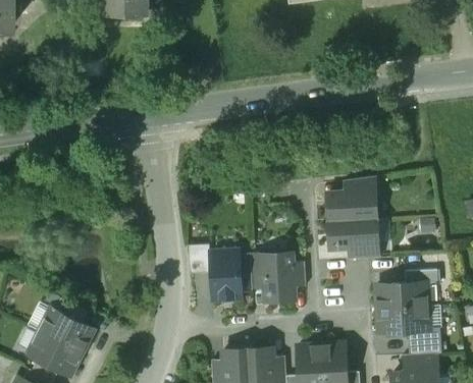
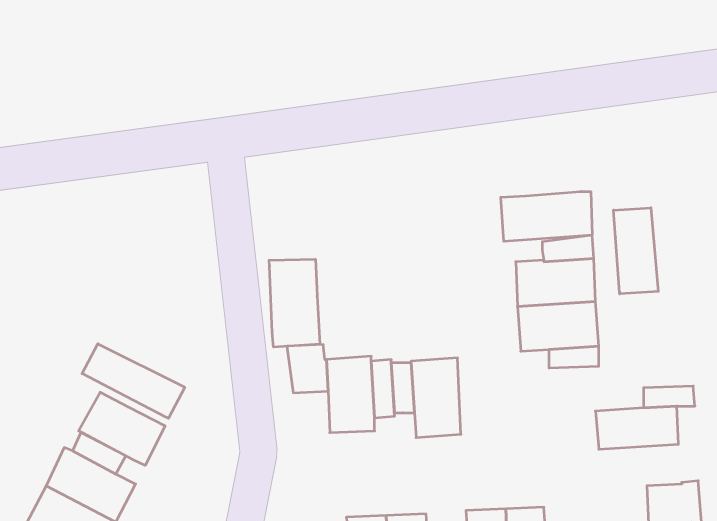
building: none -> [501,191,592,241]
building: none -> [614,208,658,294]
building: none -> [269,259,320,347]
building: none -> [82,344,185,418]
building: none -> [79,392,165,465]
building: [379,306,430,332] -> none

